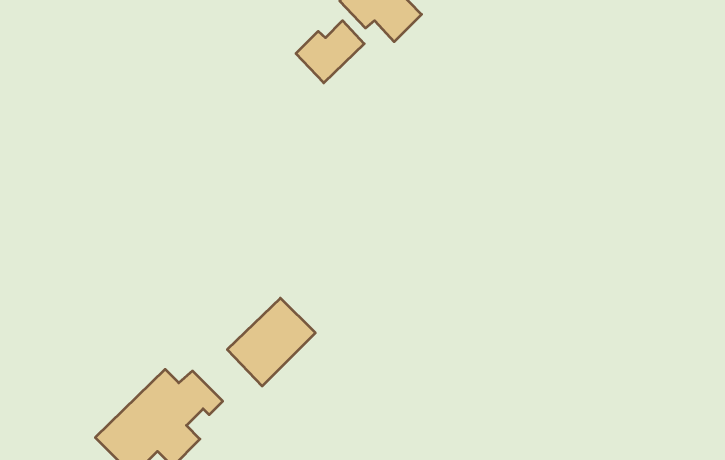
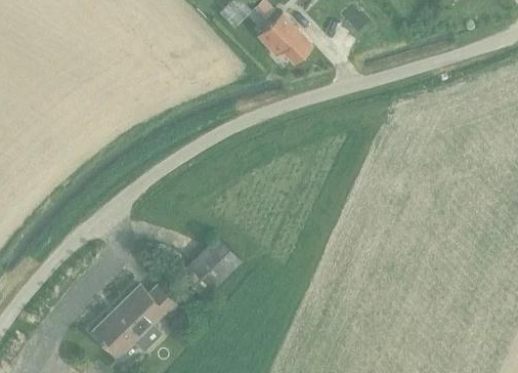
building: [296,21,364,83] -> none

